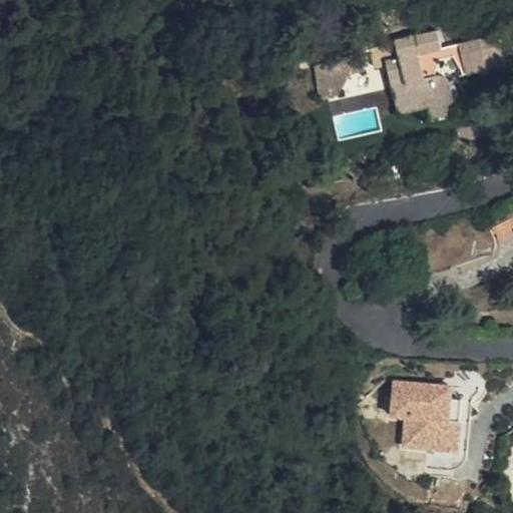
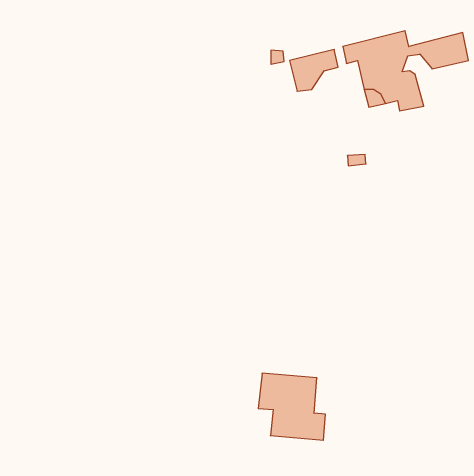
building: [390,378,462,450] -> [258,373,325,440]

